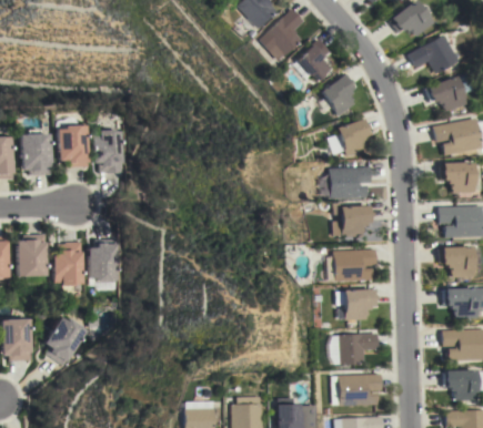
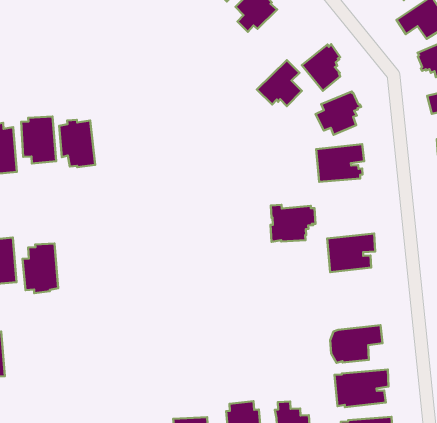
building: [289,39,330,81] -> [257,60,302,106]
building: [332,203,373,236] -> [271,205,315,242]
building: [89,238,119,283] -> none
building: [338,288,378,320] -> none
building: [44,317,88,366] -> none

